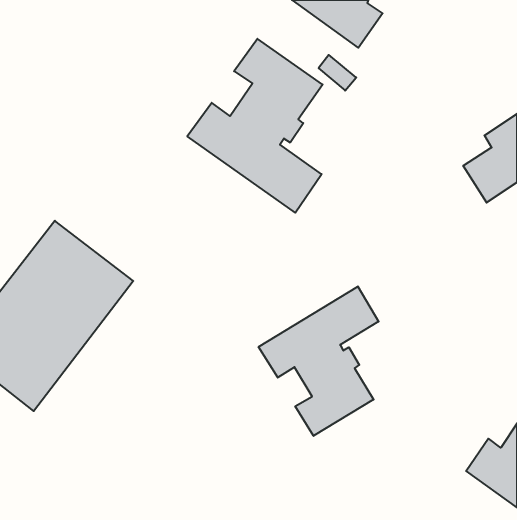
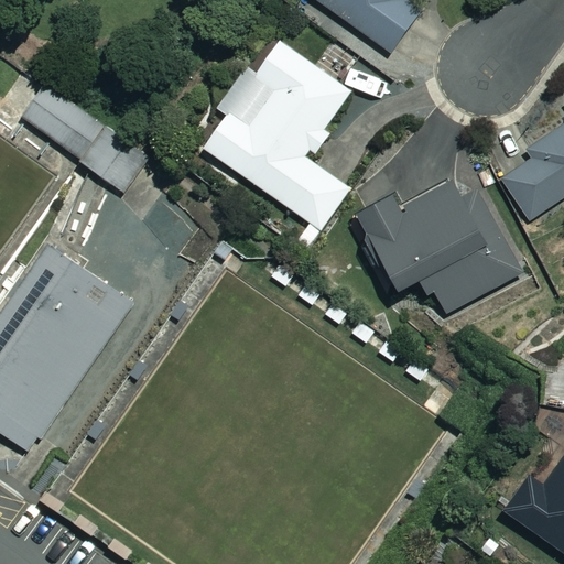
building: none -> [21,83,148,192]
building: none -> [357,174,521,316]
building: [259,286,379,436] -> none

